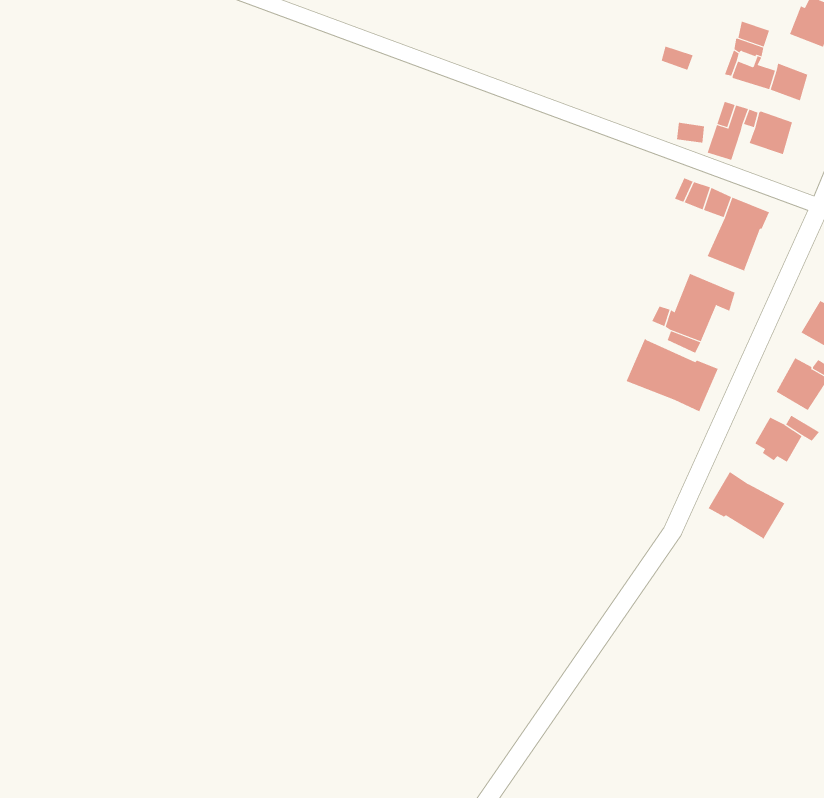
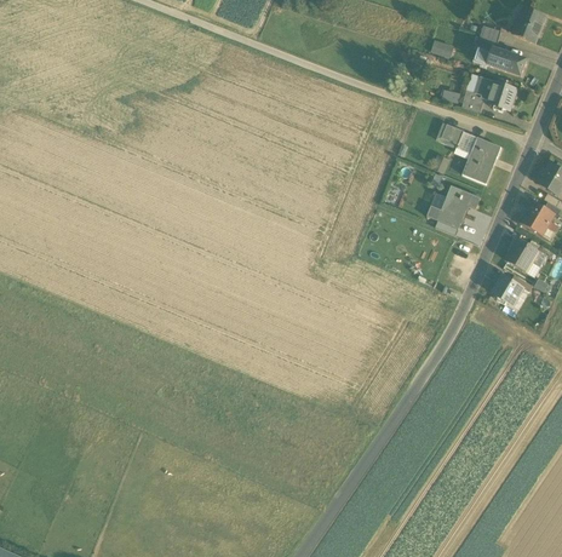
building: [626,338,719,412] -> none
building: [708,471,785,540] -> none

